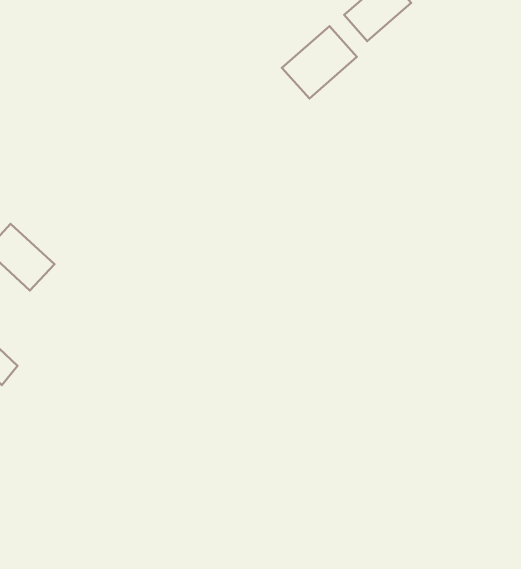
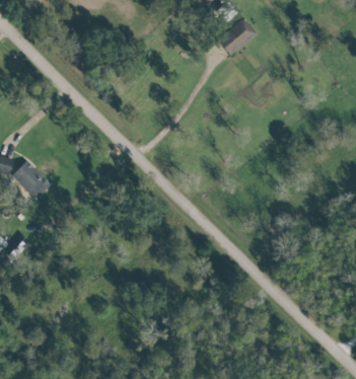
building: [282,26,357,98] -> none

